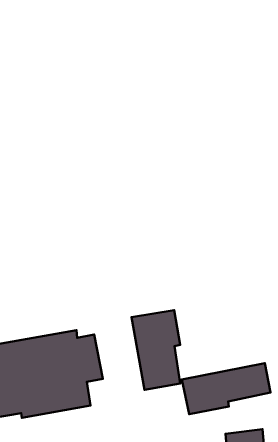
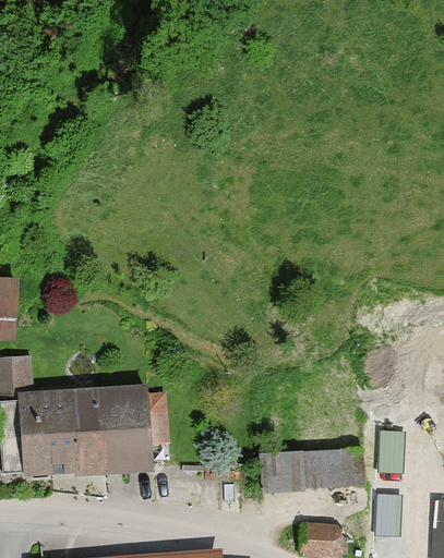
building: [131,310,180,390] -> none

